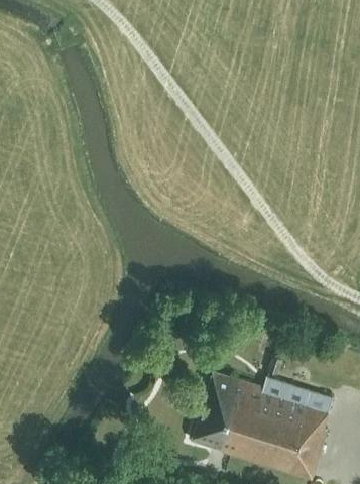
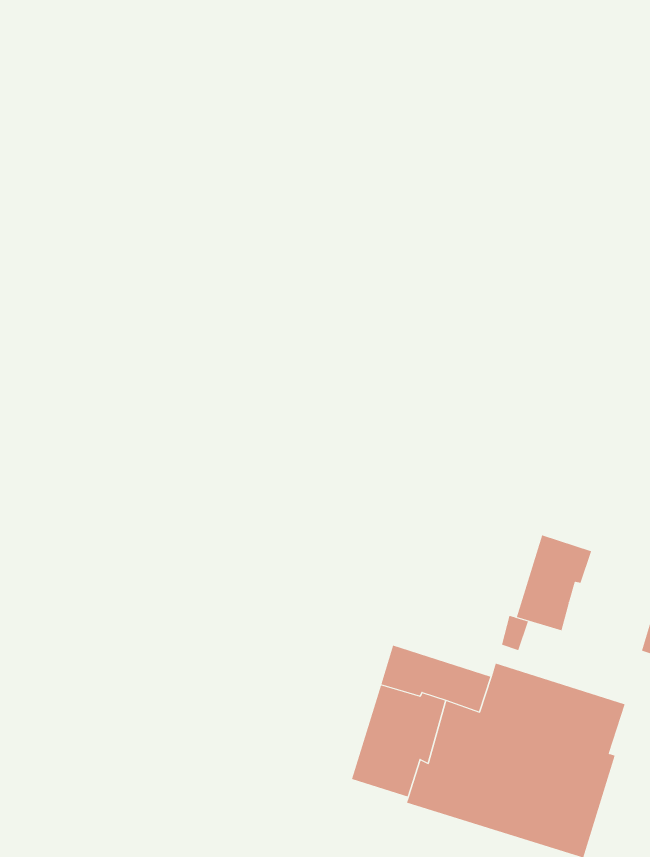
building: none -> [516,535,592,631]

